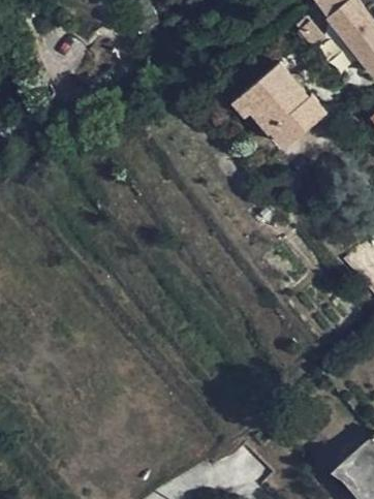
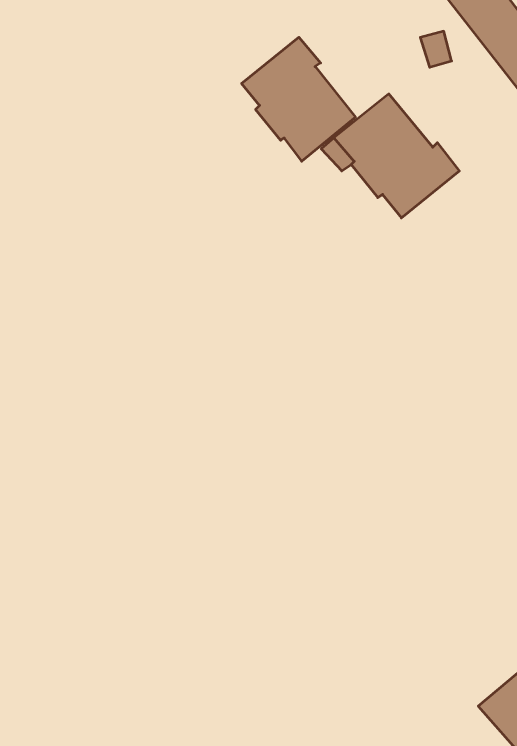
building: none -> [242,37,355,161]

